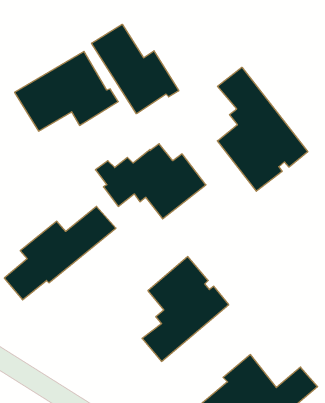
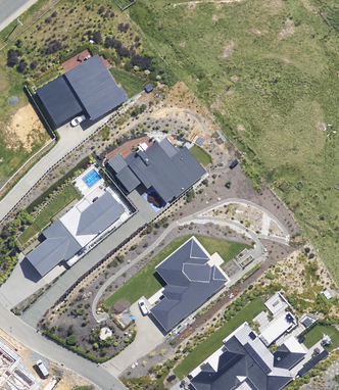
building: [92,24,179,114] -> none
building: [217,67,308,191] -> none

